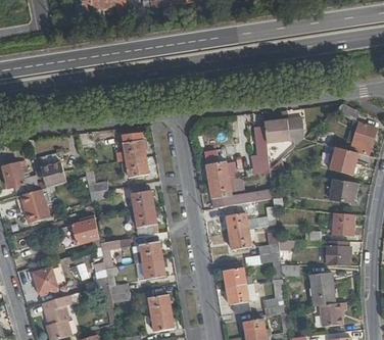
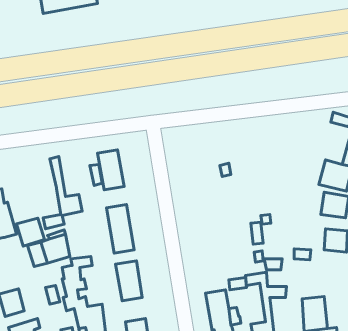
building: [253,117,302,174] -> none
building: [40,160,65,186] -> [17,218,44,246]
building: [205,160,273,248] -> none
building: [326,240,347,265] -> none

